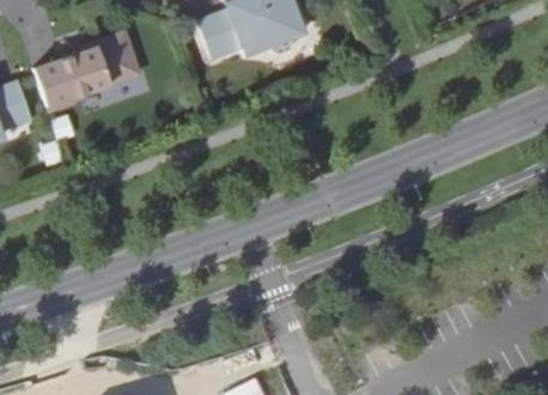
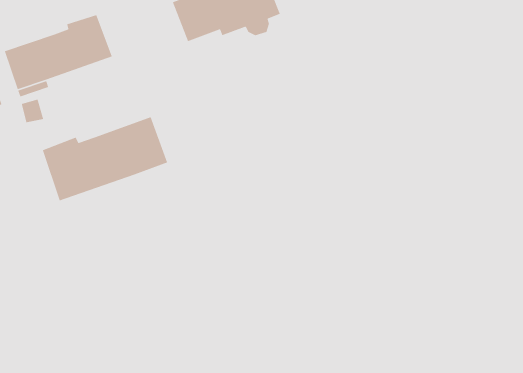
building: none -> [42,116,168,202]

